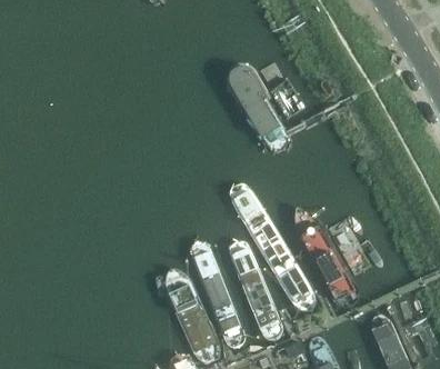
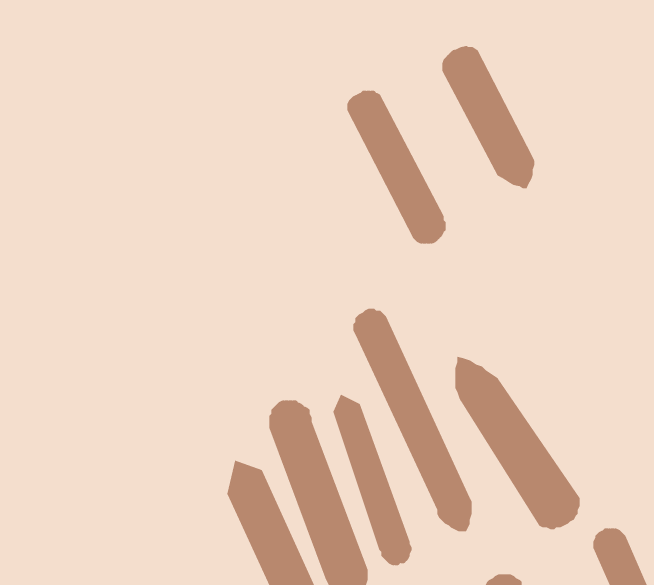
building: none -> [442,45,535,189]

